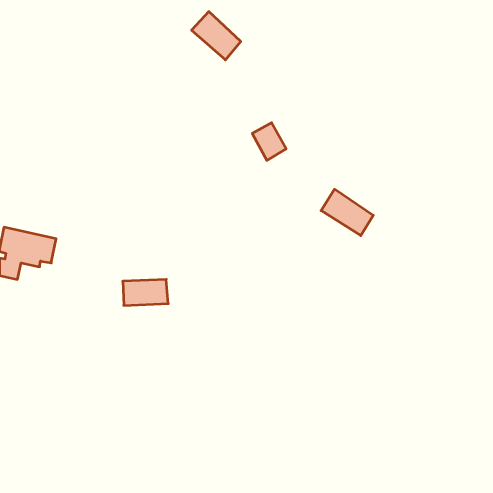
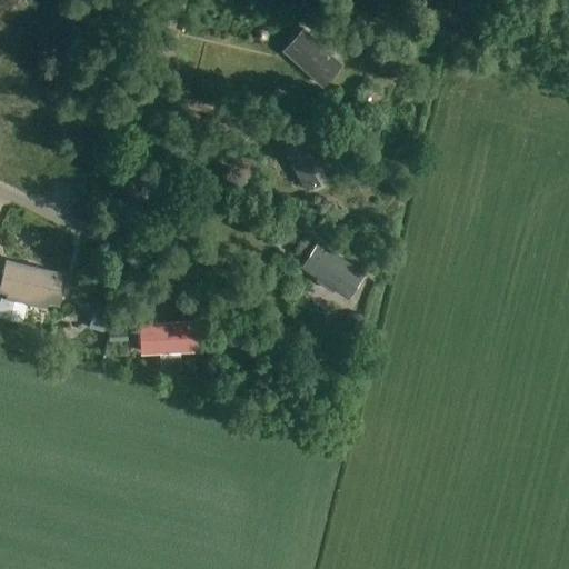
building: [192,12,241,60] -> [283,30,340,86]
building: [321,189,373,236] -> [302,243,362,297]

